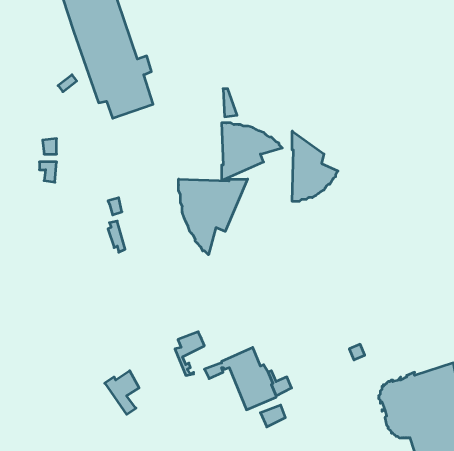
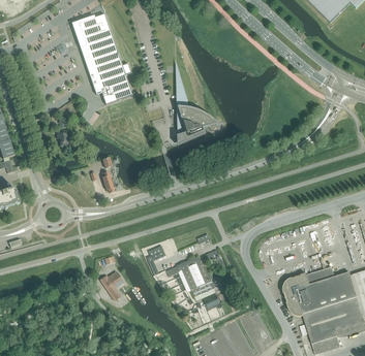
building: [292,131,338,201] -> none
building: [179,179,248,255] -> none

